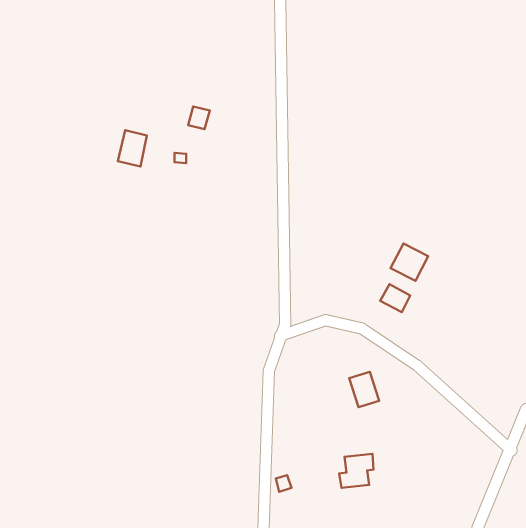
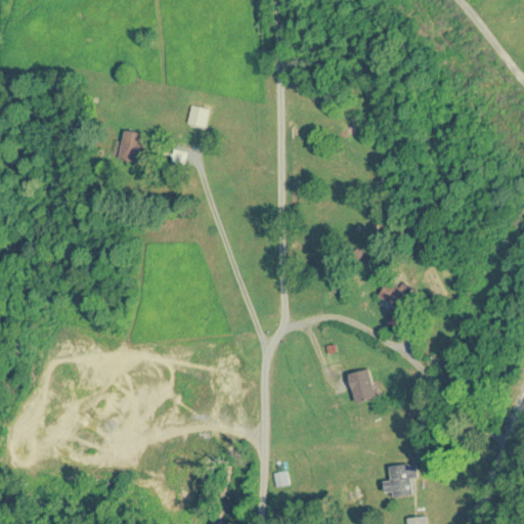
building: [391,244,428,281] -> none
building: [339,454,373,488] -> [383,464,417,497]

